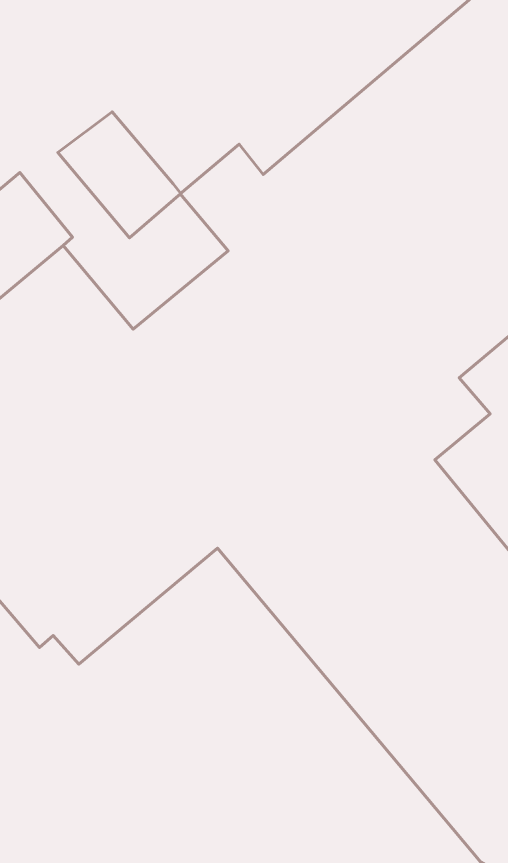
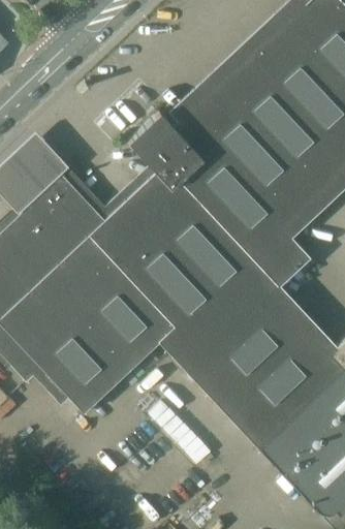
building: [58,112,181,238] -> none

